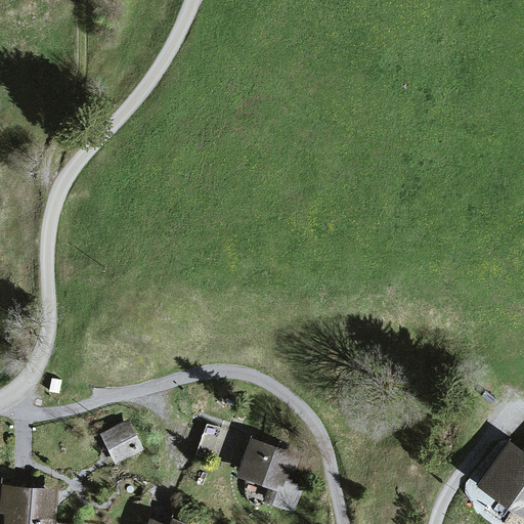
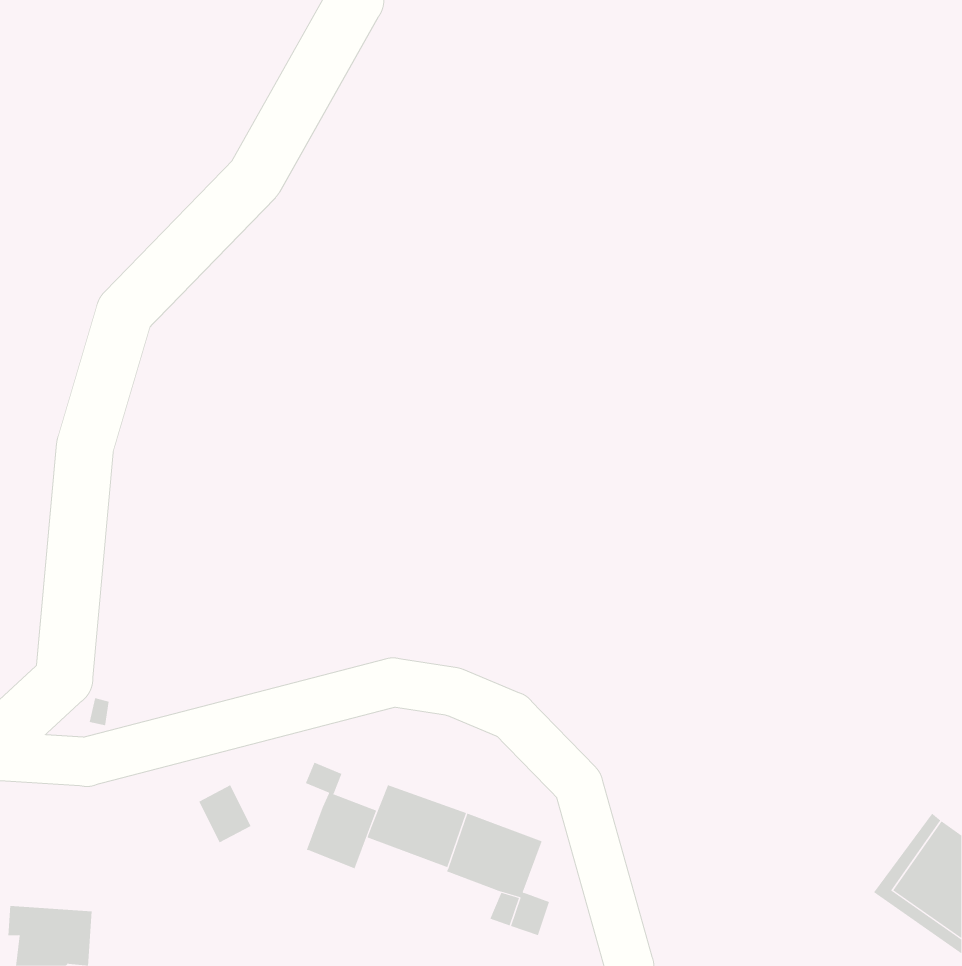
building: none -> [305,762,377,869]

